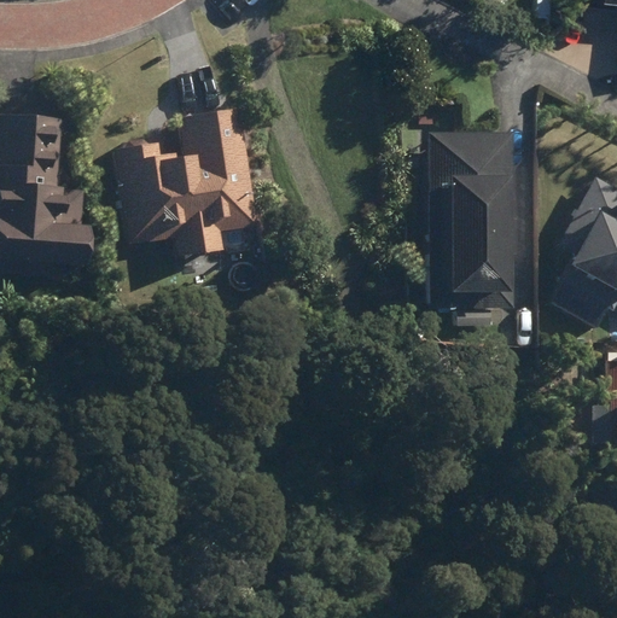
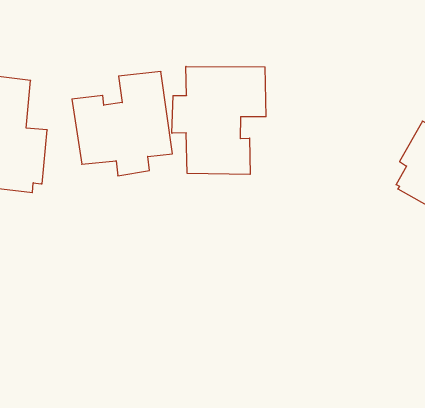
building: none -> [172,66,266,174]
building: [430,130,513,308] -> none

